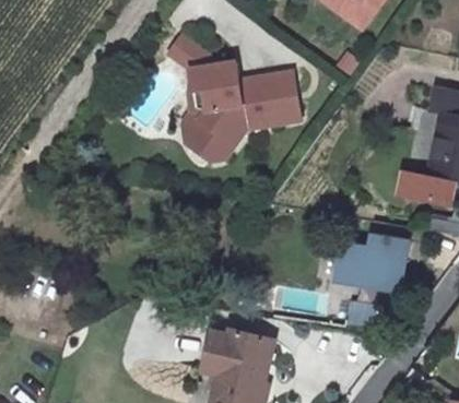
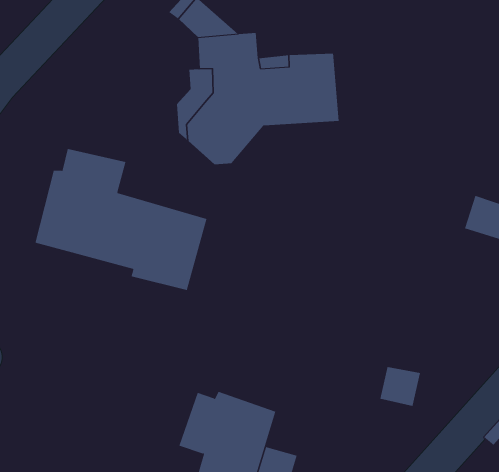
building: none -> [35,148,207,291]
building: [338,235,409,289] -> none

